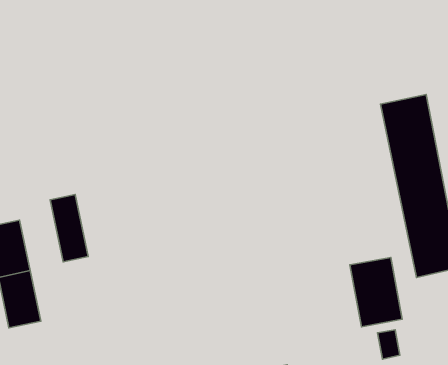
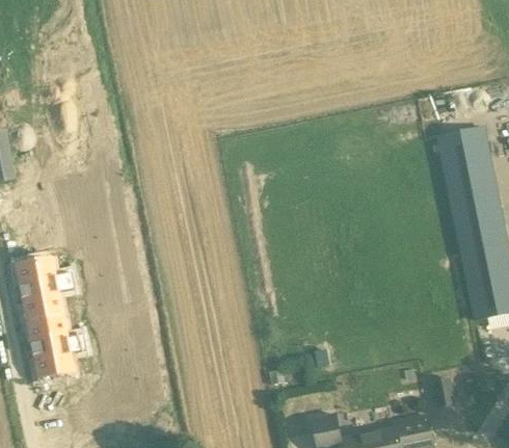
building: [50,195,88,262] -> none
building: [350,257,402,327] -> none

